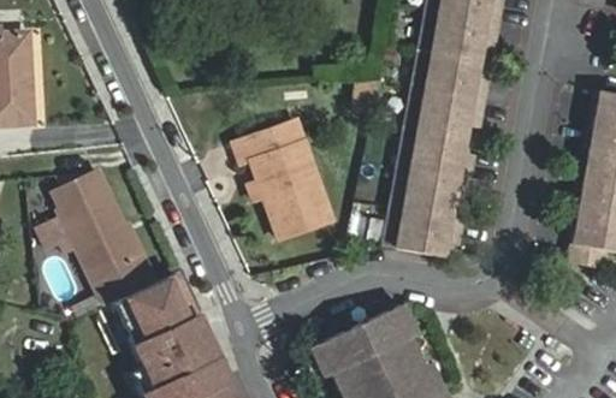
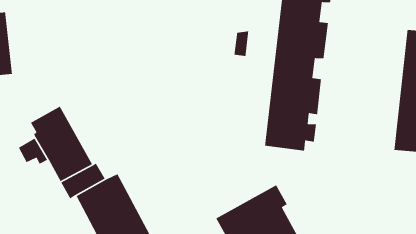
building: [235,126,332,239] -> none

